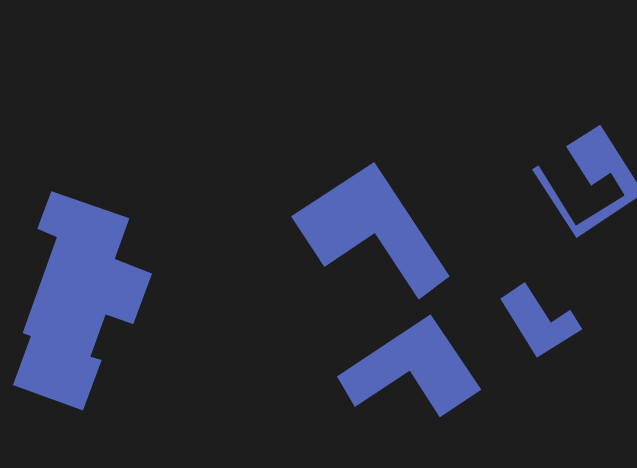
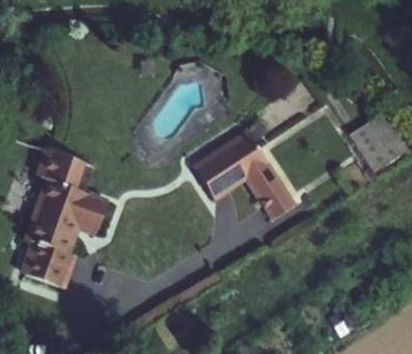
building: [499,281,584,359] -> [349,121,402,170]
building: [336,313,482,418] -> none

